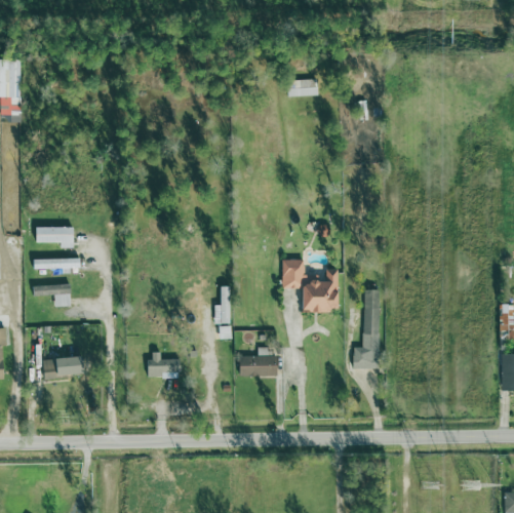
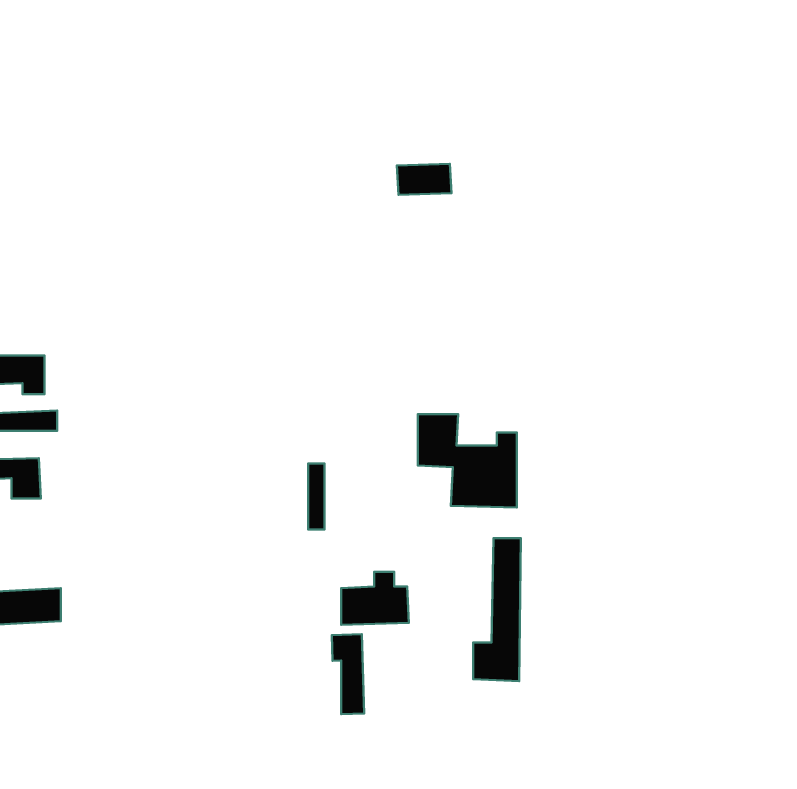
building: [287,79,318,96] -> [397,164,452,195]
building: [353,288,380,368] -> [473,538,521,681]
building: [149,352,180,378] -> none
building: none -> [332,634,364,714]

